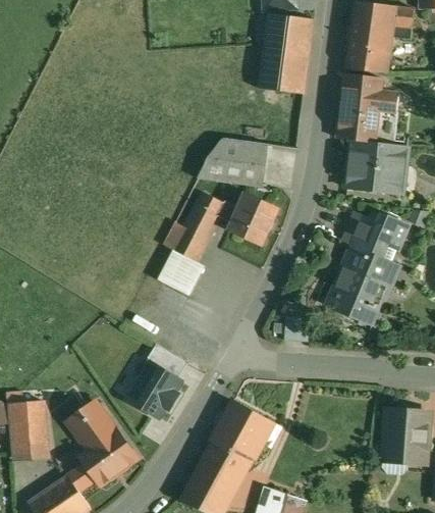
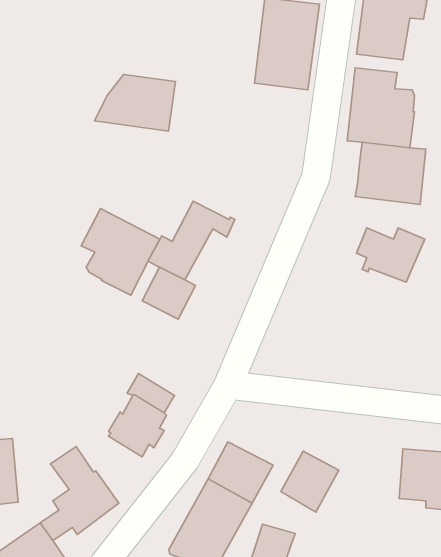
building: [198,137,269,187] -> [95,75,176,131]
building: [229,192,278,245] -> none
building: none -> [81,209,160,295]
building: [330,250,390,322] -> none
building: none -> [281,451,339,512]

